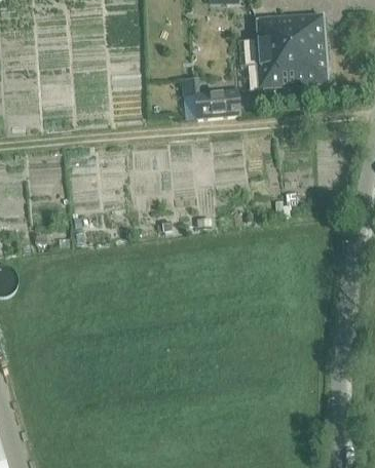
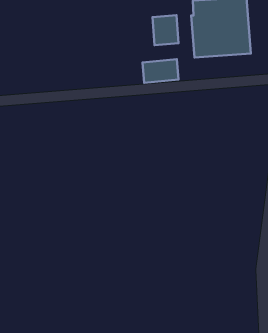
building: none -> [153,15,178,45]

